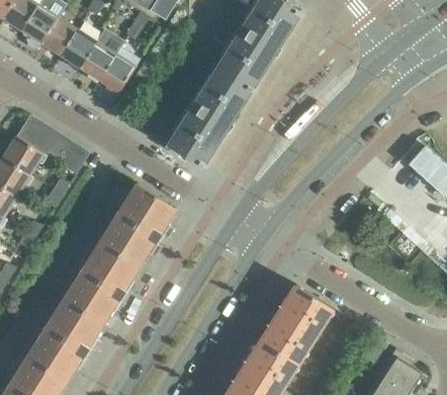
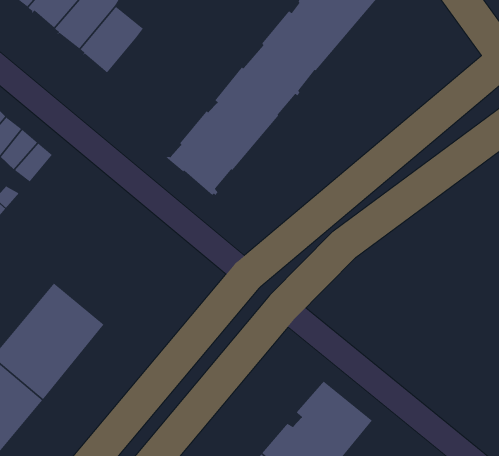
building: [100,184,176,266] -> none

